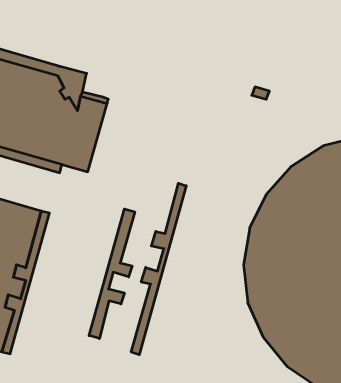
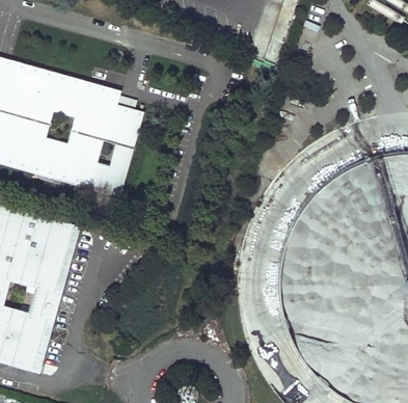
building: [131,183,186,355] -> none
building: [89,209,135,339] -> none

